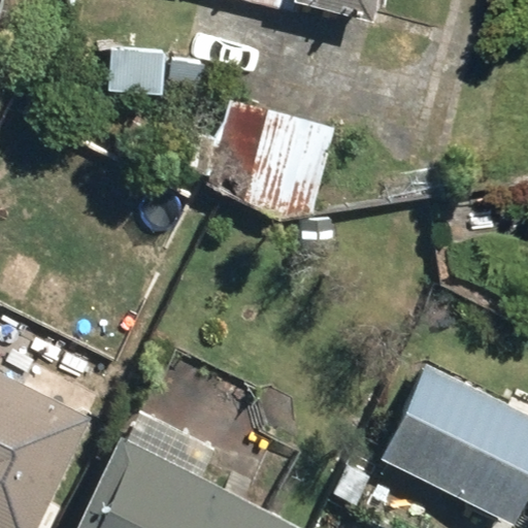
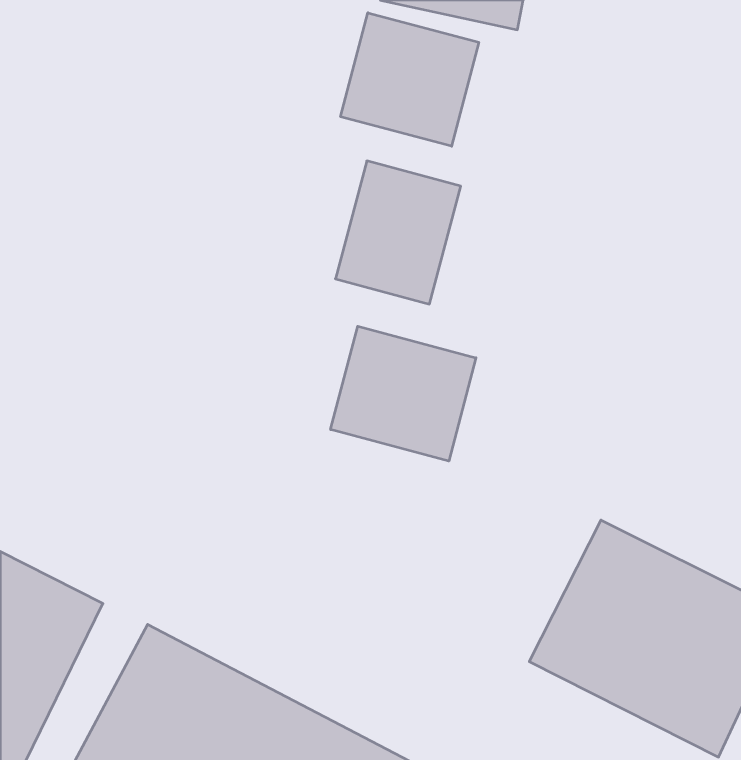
building: none -> [341,13,479,146]
building: none -> [331,326,476,461]

